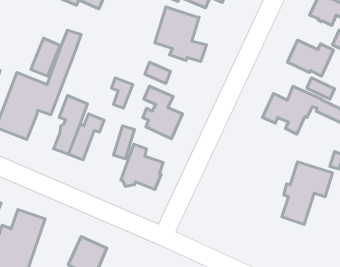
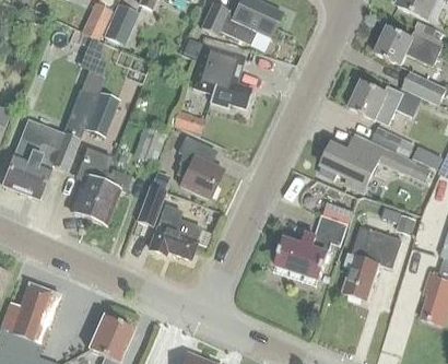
building: [31,38,60,76] -> [84,90,119,134]
building: none -> [273,215,345,279]

